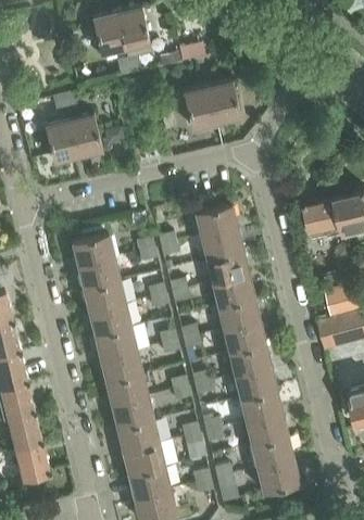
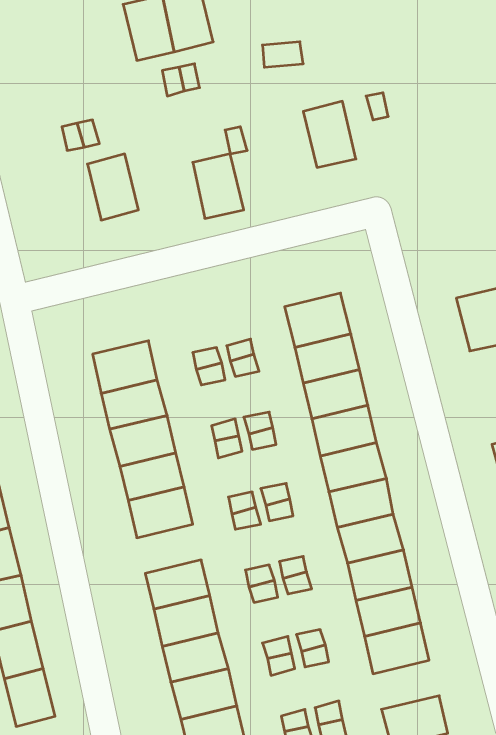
building: [183,87,215,128] -> [193,154,244,218]
building: [43,121,77,162] -> none
building: [100,351,141,382] -> none
building: [251,437,293,469] -> none

